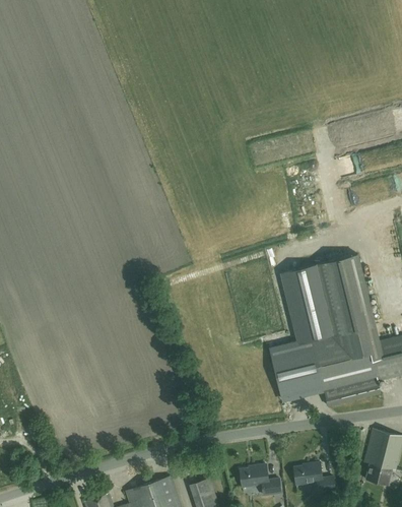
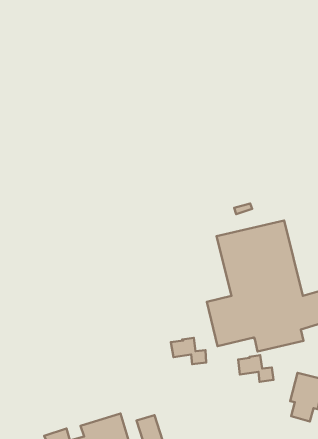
building: [293,462,334,493] -> [238,355,274,382]
building: [239,464,279,495] -> [171,338,206,364]

